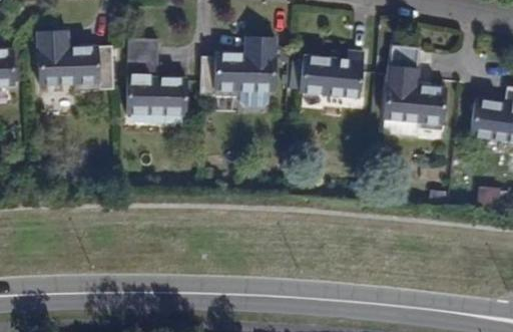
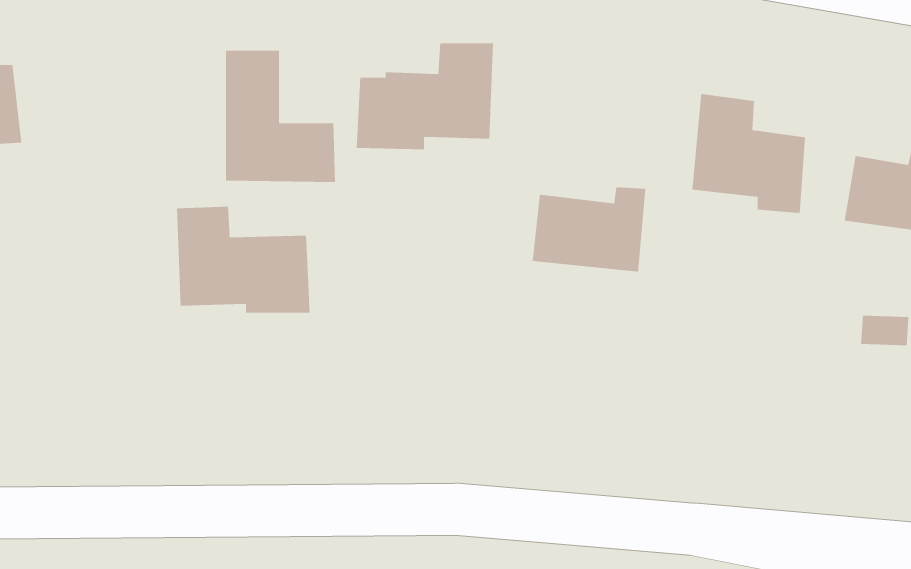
building: [38,30,112,89] -> [176,206,310,313]
building: [302,49,365,96] -> [532,187,646,272]

